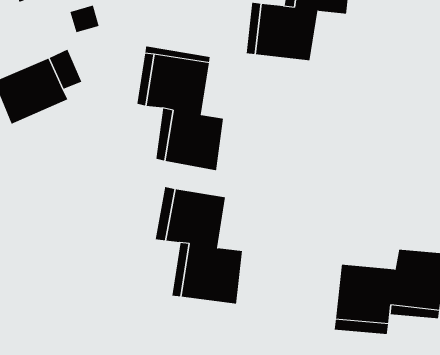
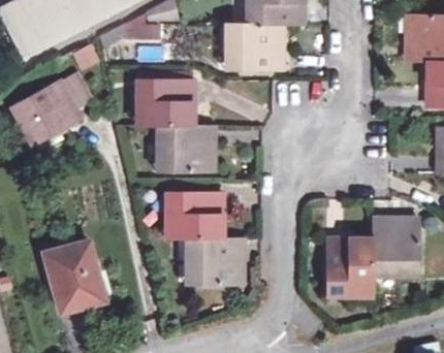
building: none -> [44,239,103,311]

